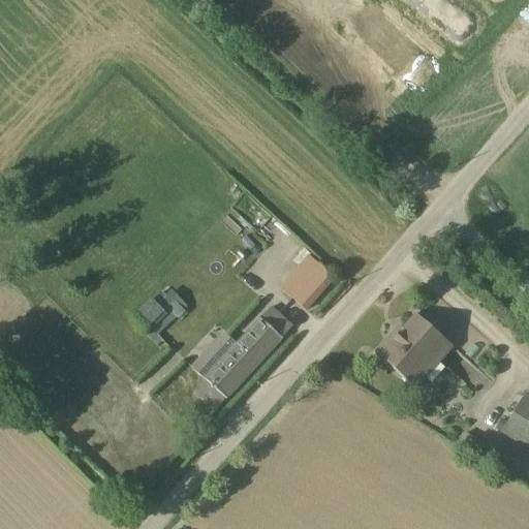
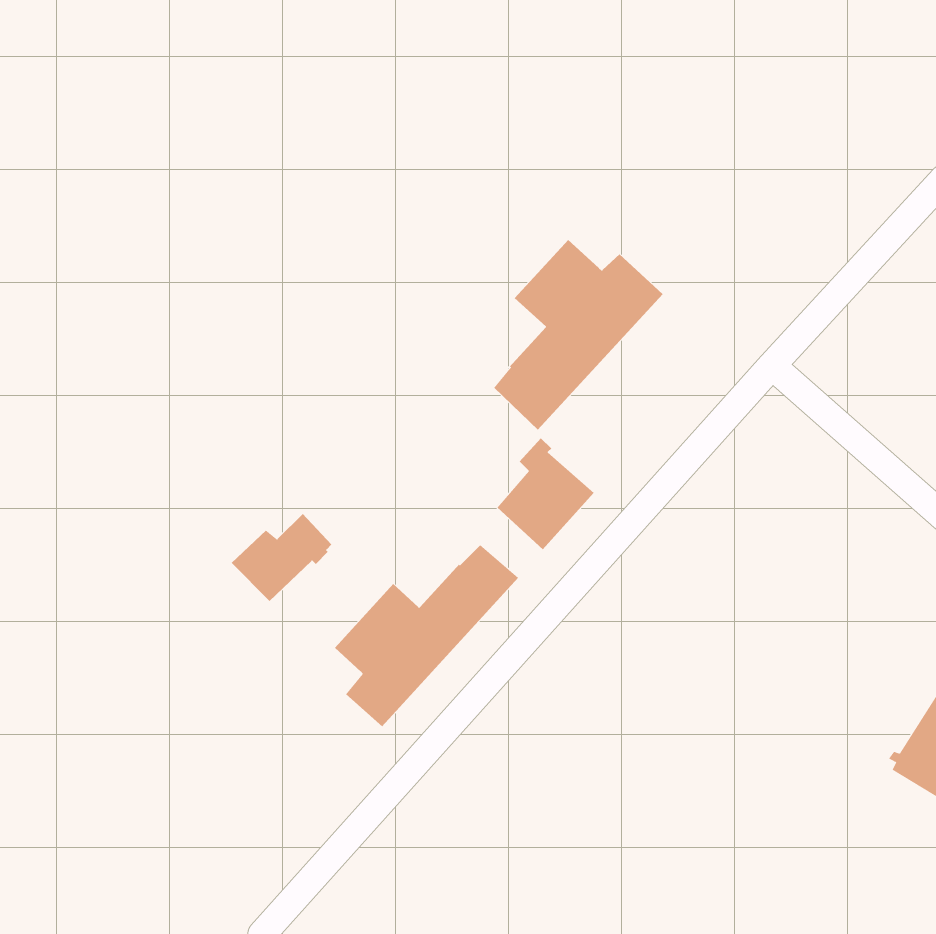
building: none -> [494,239,663,431]
building: [378,312,456,387] -> none

